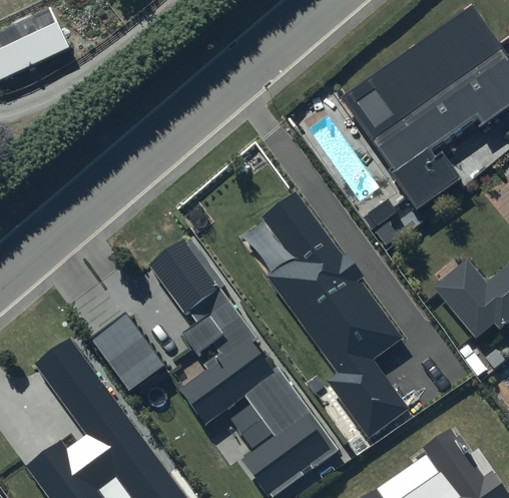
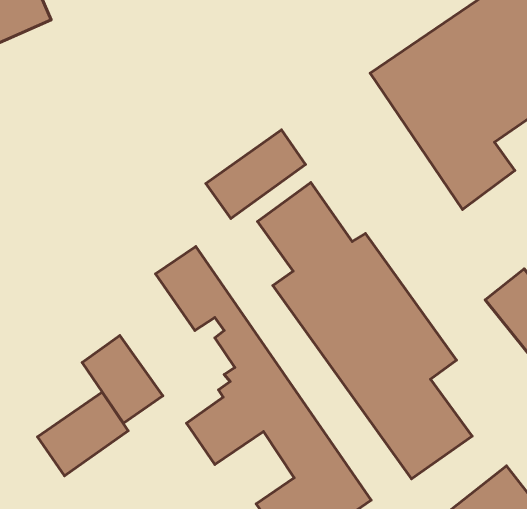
building: none -> [206,130,305,218]
building: none -> [37,392,128,476]

